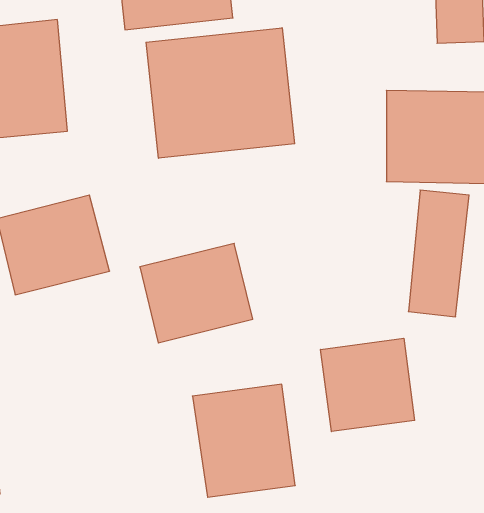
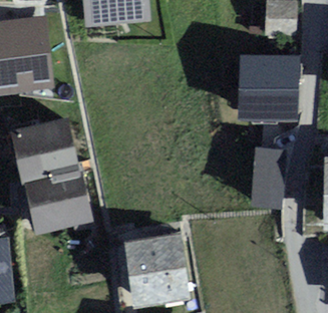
building: [146,28,295,158] -> none
building: [140,243,253,343] -> [20,167,87,226]
building: [321,338,415,432] -> none

